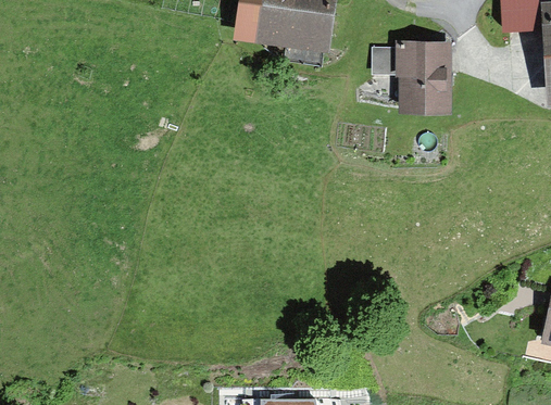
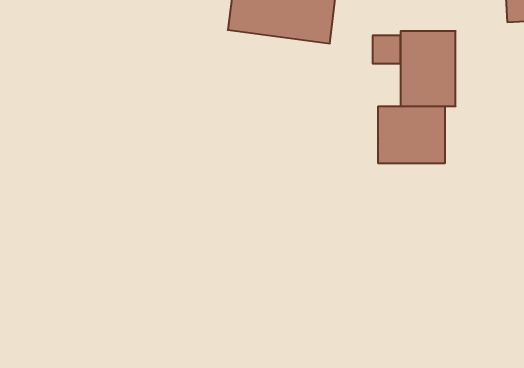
building: none -> [378,106,445,163]

